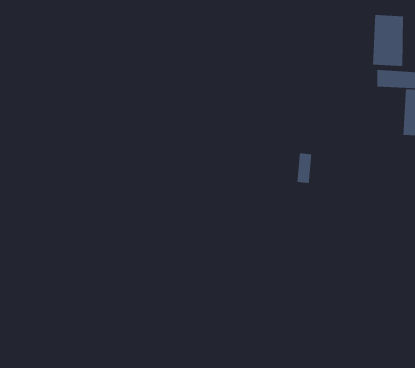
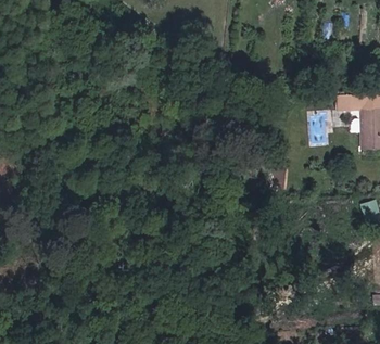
building: [372,14,404,67] -> none

